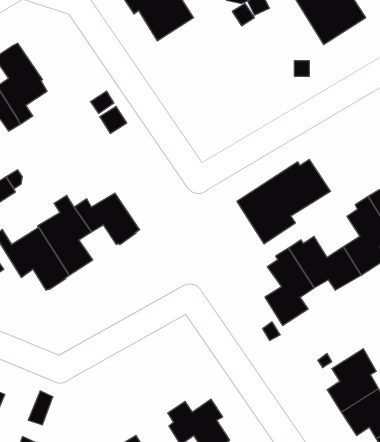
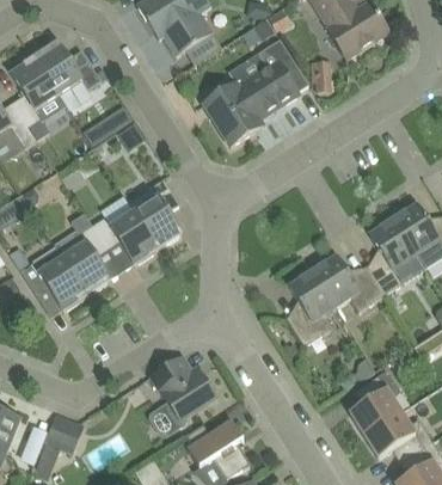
building: none -> [33,43,99,110]
building: [237,160,331,244] -> [203,61,299,147]
building: none -> [133,179,182,248]
building: none -> [151,357,216,428]

